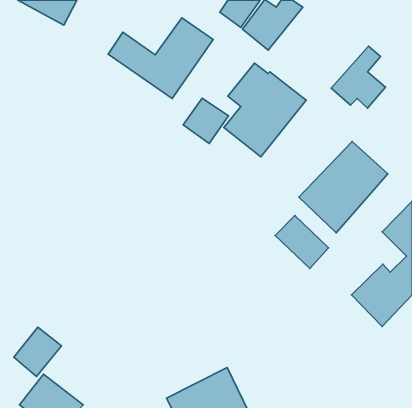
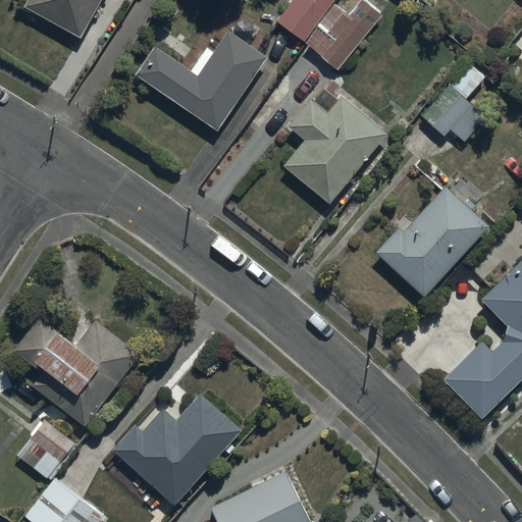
building: [183,98,229,143] -> none
building: [275,216,329,269] -> none
building: none -> [13,316,141,426]
building: none -> [112,393,242,505]

